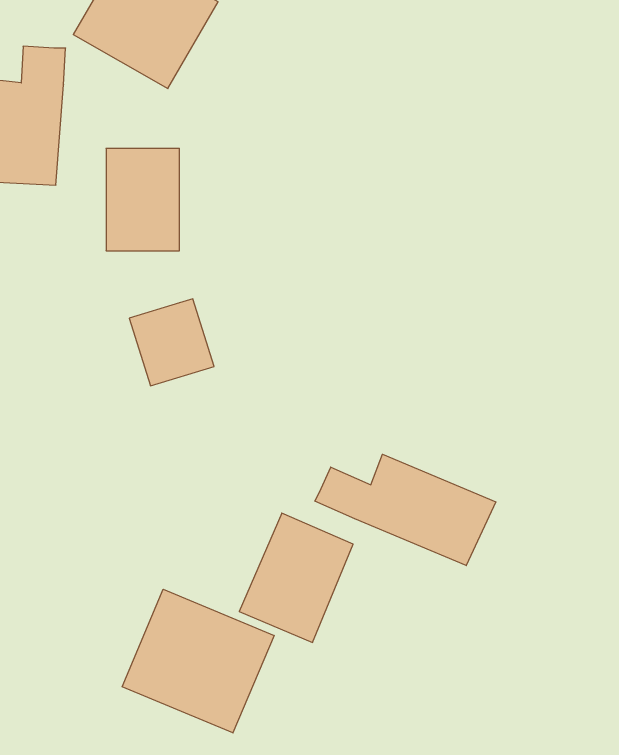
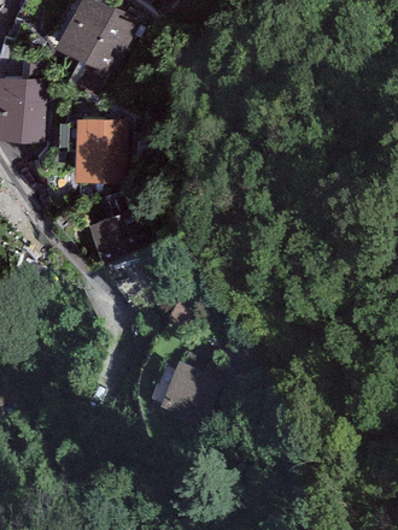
building: [315,454,496,566] -> none
building: [122,589,274,733] -> none

